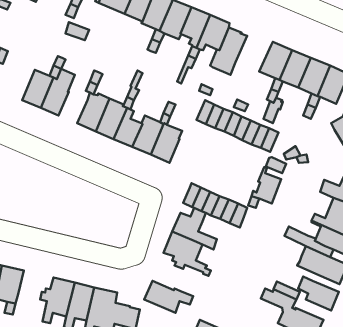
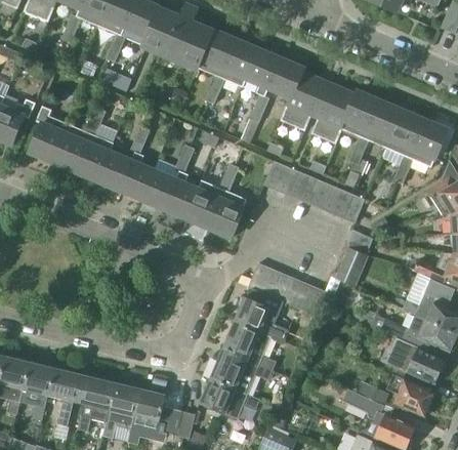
building: none -> [310,83,353,141]
building: none -> [30,105,68,161]
building: none -> [96,151,131,189]
building: none -> [210,345,272,393]
building: none -> [47,367,90,426]

